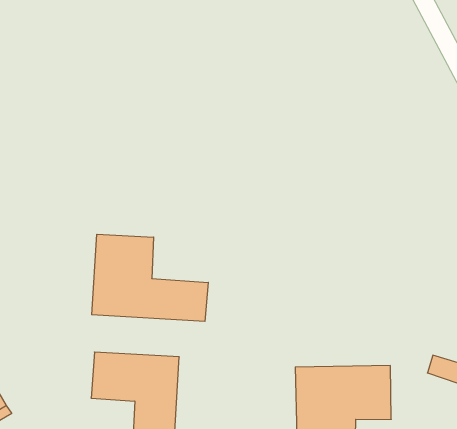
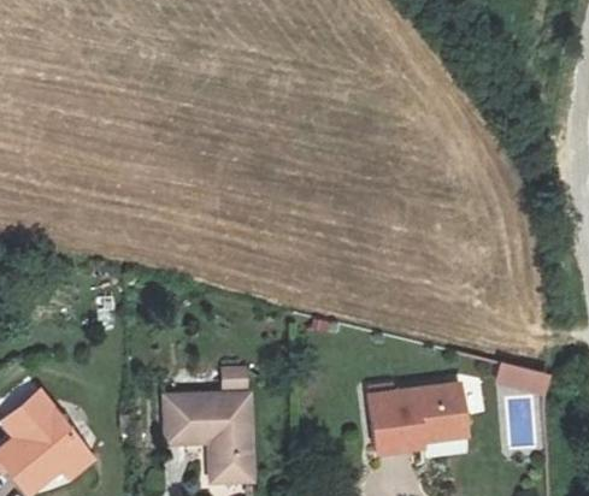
building: [92,234,208,321] -> none

